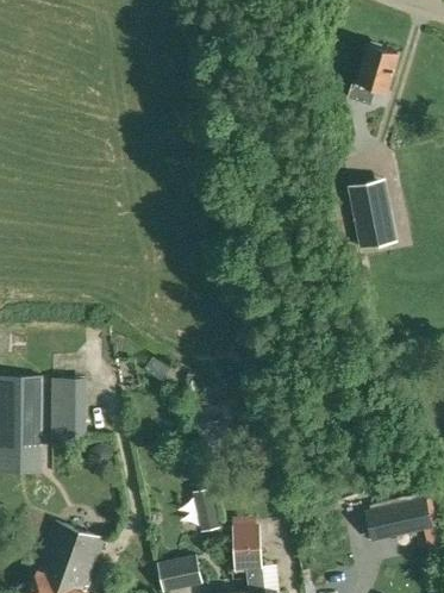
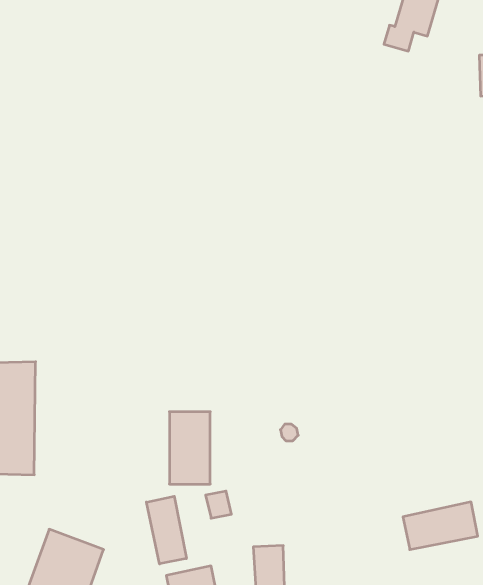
building: [348,177,398,249] -> none
building: [51,379,87,442] -> [169,412,210,484]
building: none -> [146,496,186,564]

